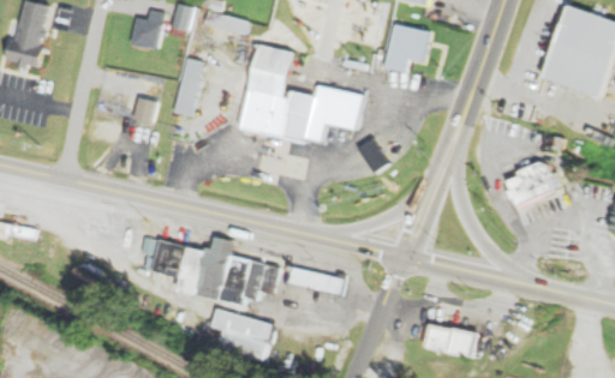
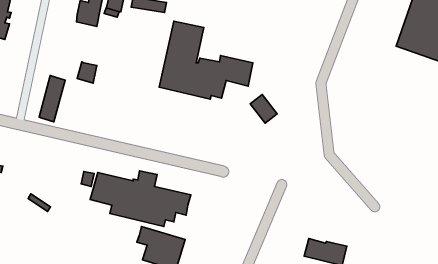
building: [382,25,430,73] -> none
building: [172,58,205,118] -> [39,75,65,122]
building: [502,160,557,206] -> none
building: [287,266,344,295] -> none

